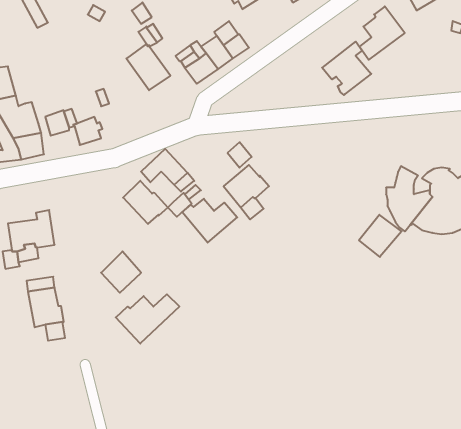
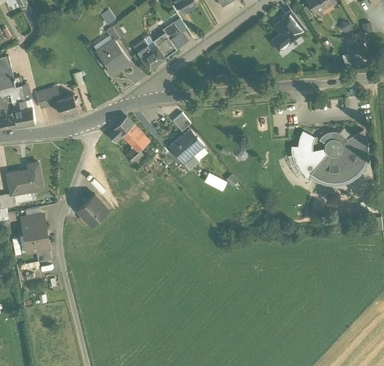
building: [322,42,371,95] -> none
building: [123,181,168,224] -> none
building: [182,199,237,243] -> none
building: [359,215,402,257] -> none
building: [116,294,179,344] -> none

